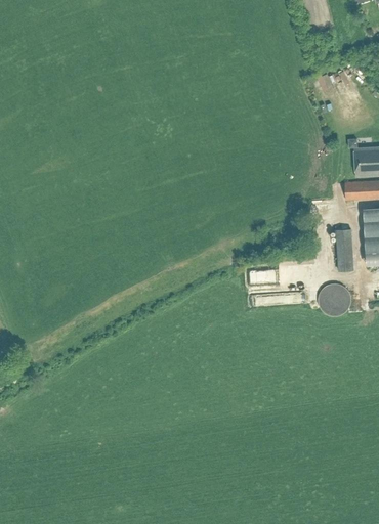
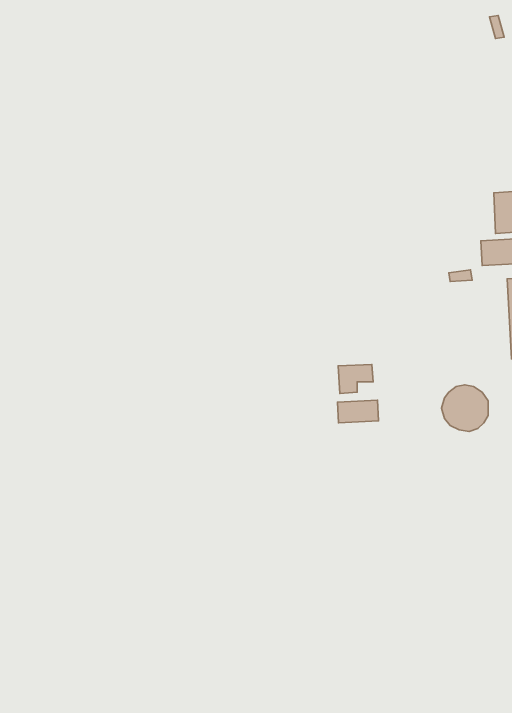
building: [336,228,352,269] -> none
building: none -> [338,400,379,423]

